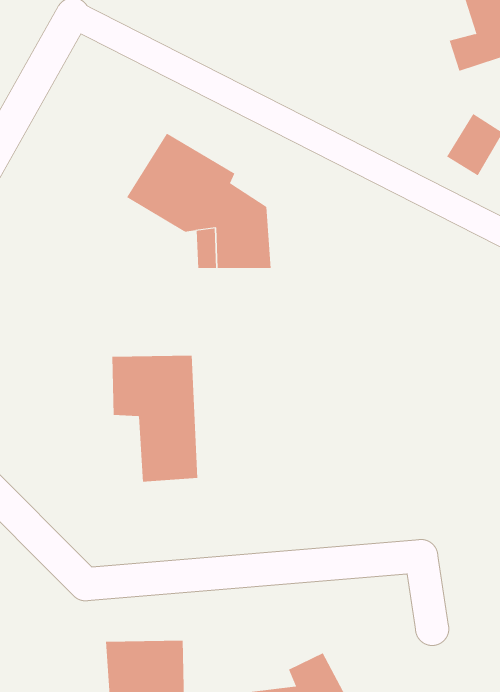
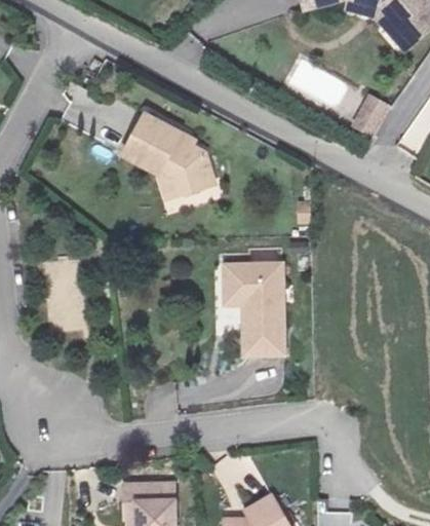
building: [111,355,198,482] -> [222,256,285,349]

